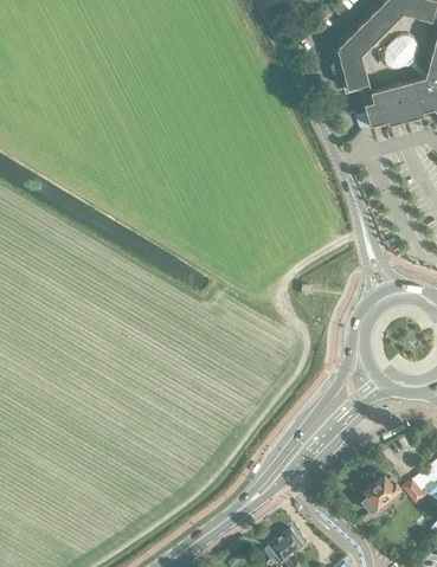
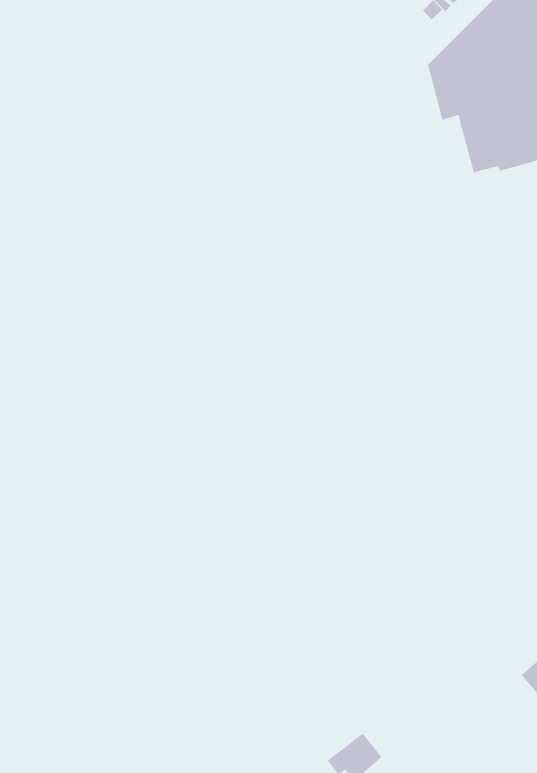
building: [362,476,401,514] -> none

